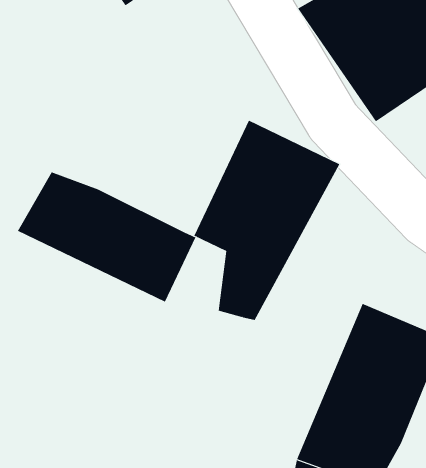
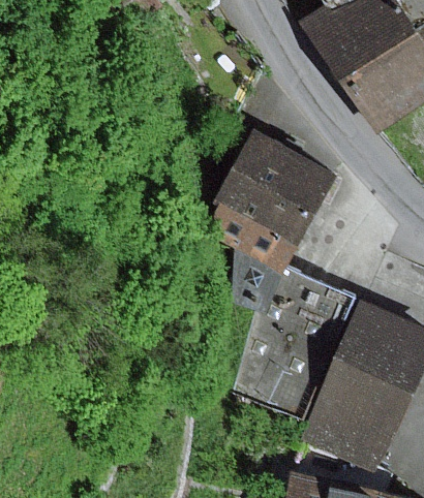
building: [17,171,196,302] -> none
building: none -> [229,266,355,419]

